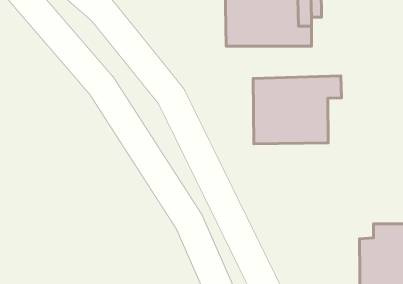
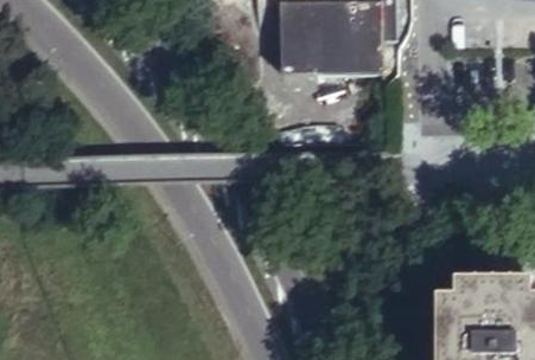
building: [253,76,341,144] -> none

